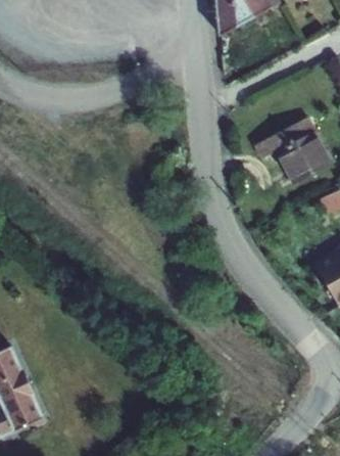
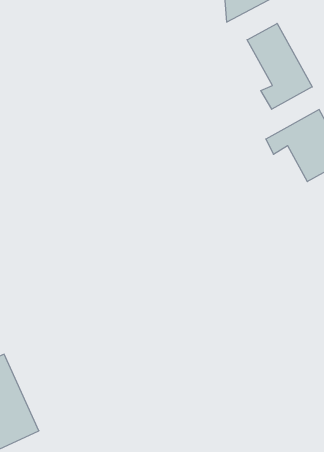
building: none -> [247,23,312,109]

